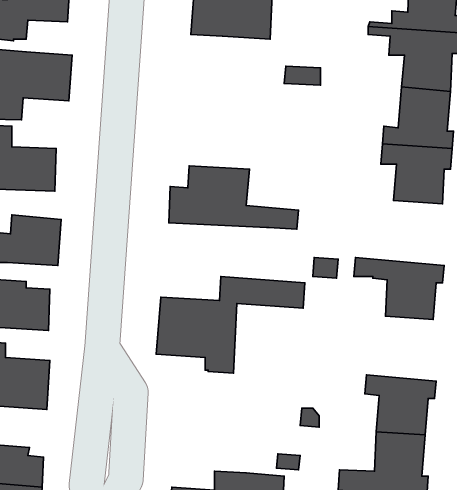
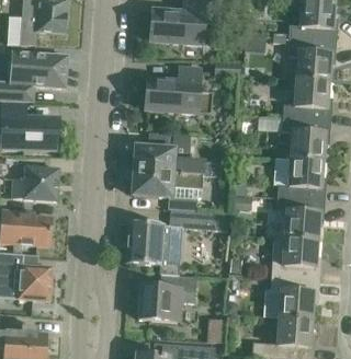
building: none -> [145,68,213,114]
building: none -> [263,157,326,201]
building: none -> [133,172,202,210]
building: none -> [271,236,319,281]
building: none -> [138,275,195,322]

